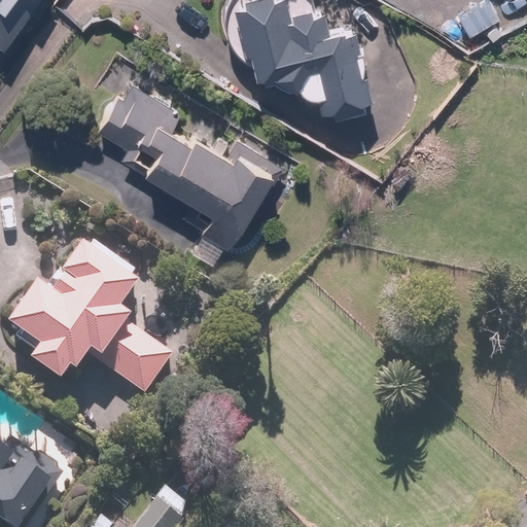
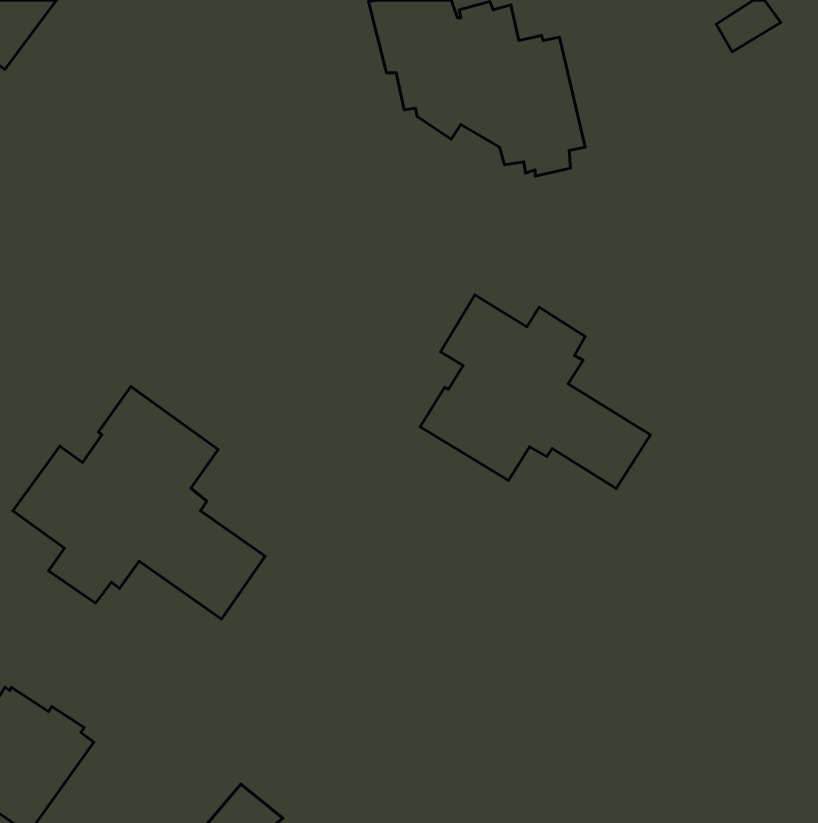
building: [96,83,280,248] -> none
building: none -> [420,295,651,489]

